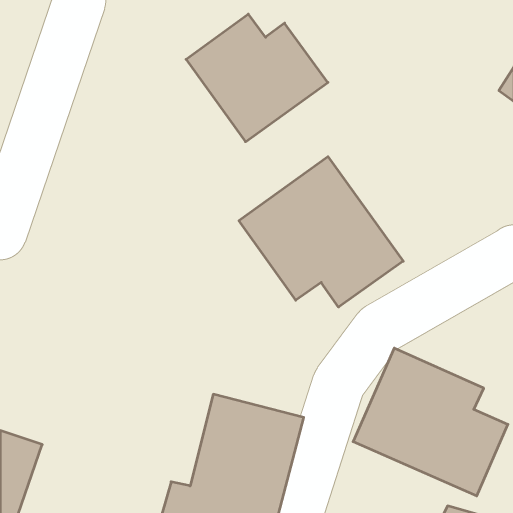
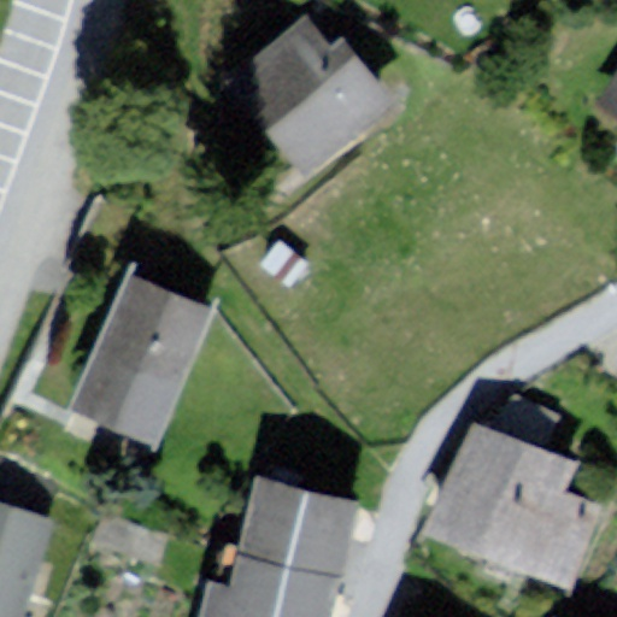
building: [239,157,403,307] -> none
building: none -> [66,280,211,451]

